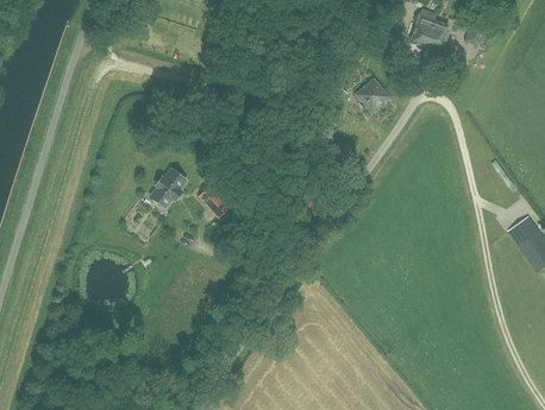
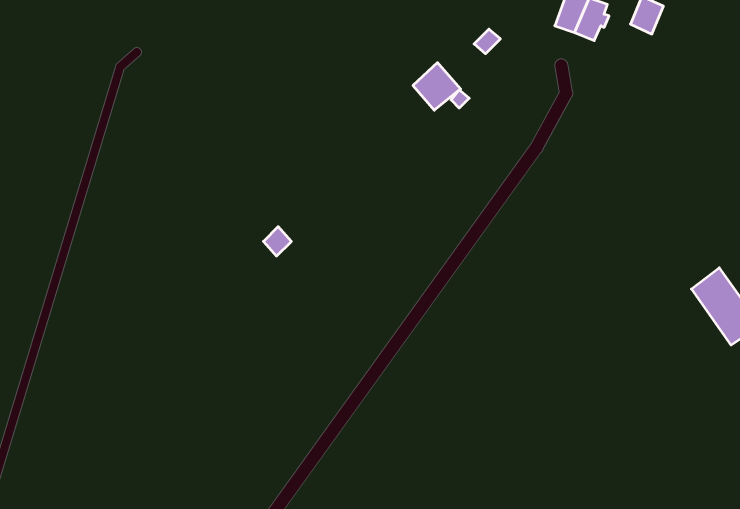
building: [355,77,389,112] -> [413,63,461,110]
building: [151,169,186,206] -> none

